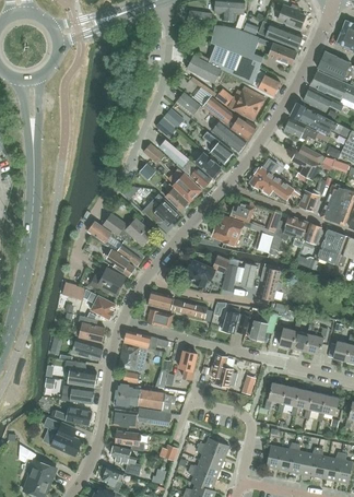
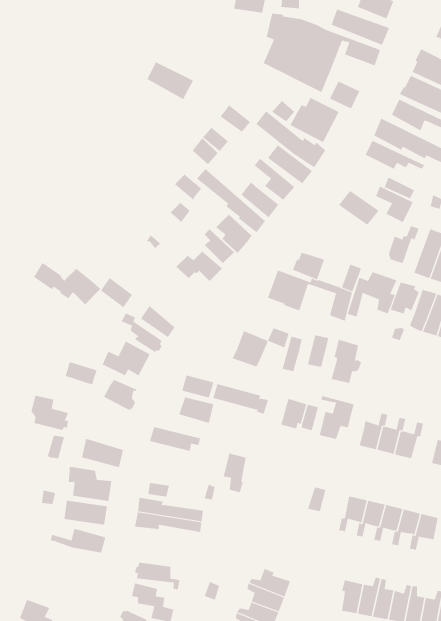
building: [186,56,221,84] -> [147,61,194,100]
building: [249,168,292,198] -> none
building: [103,214,153,246] -> [33,262,101,305]
building: [76,316,105,342] -> [30,395,69,431]
building: [118,344,146,372] -> none
building: [210,355,233,387] -> none
building: [111,410,169,428] -> none
building: [43,423,81,455] -> none

